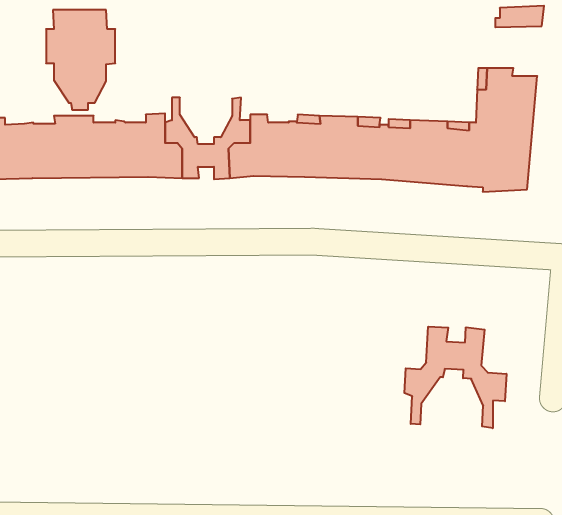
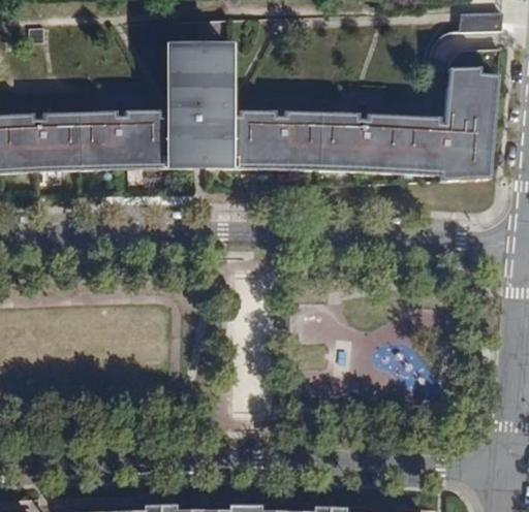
building: [46,10,115,110] -> [166,47,229,138]
building: [404,327,506,428] -> none

